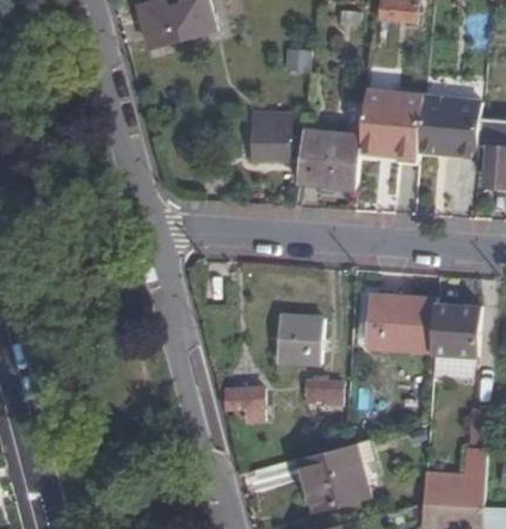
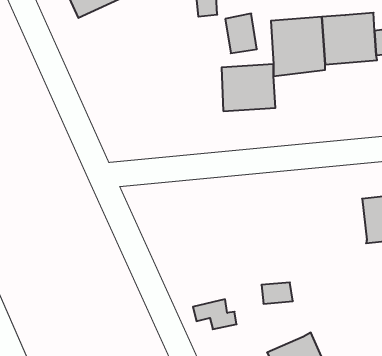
building: [254,115,284,155] -> [225,14,257,53]
building: [368,295,434,350] -> none
building: [276,316,322,361] -> none

